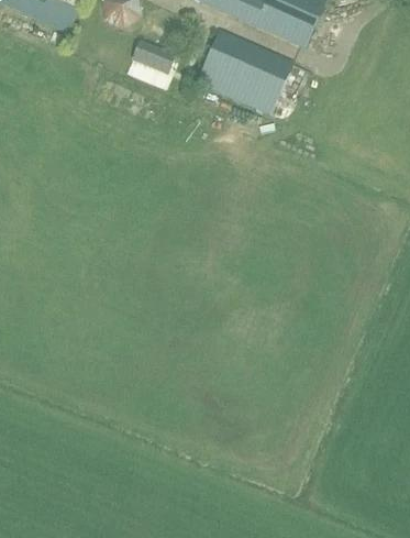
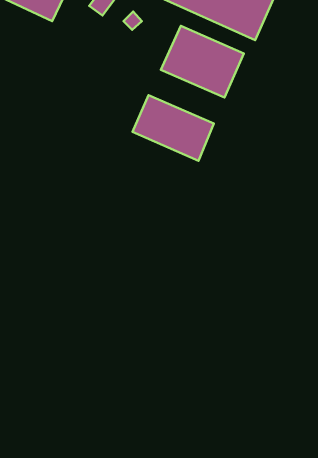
building: [130,36,174,74] -> none
building: none -> [132,95,214,161]

